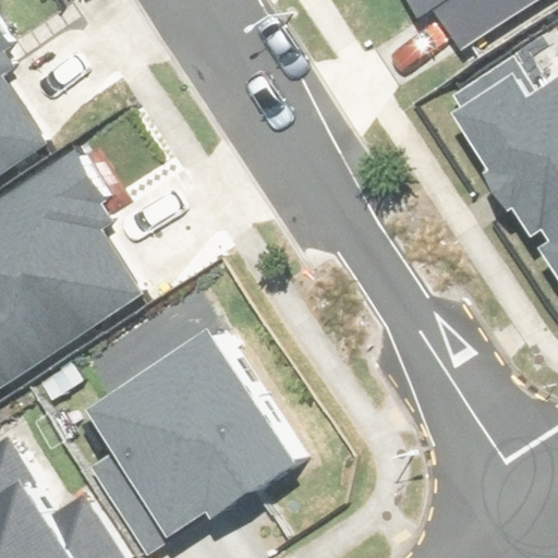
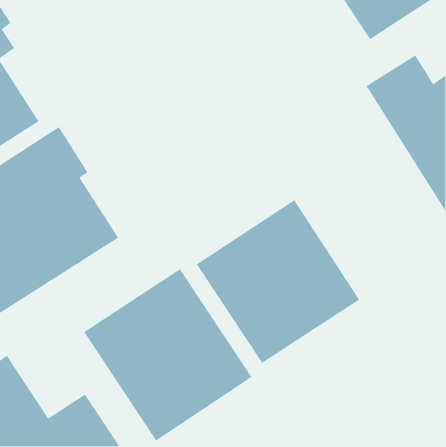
building: none -> [196,199,360,364]

